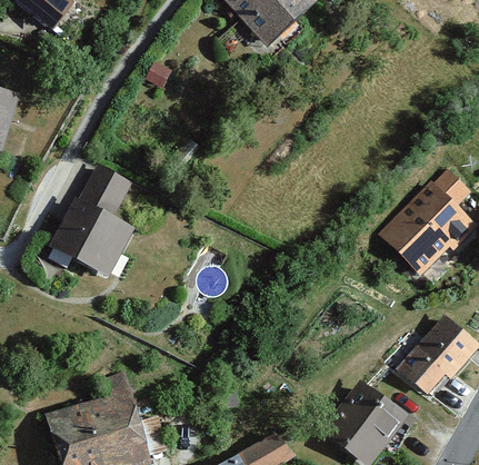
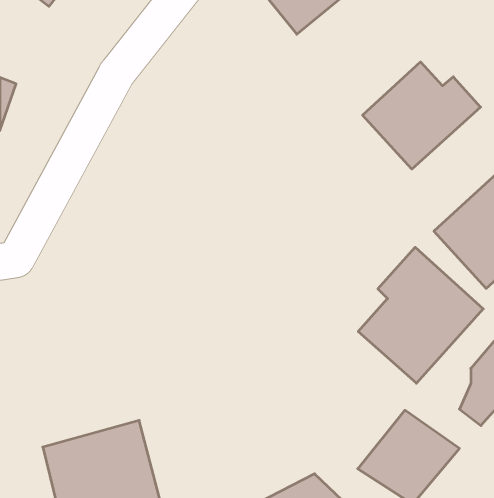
building: none -> [363,62,481,169]
building: [49,165,139,278] -> none
building: none -> [358,247,483,383]

